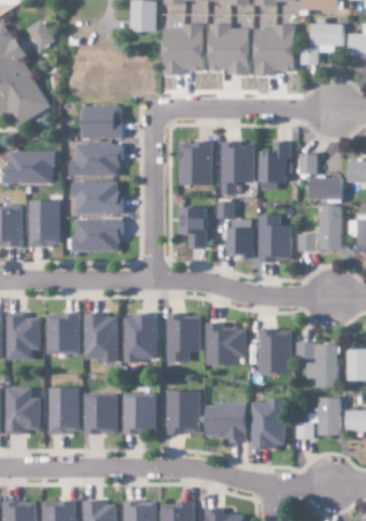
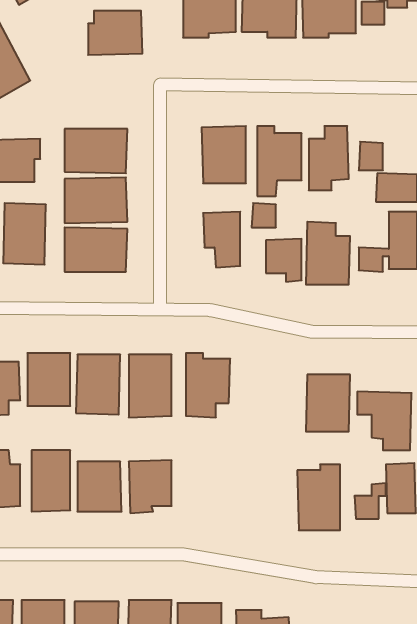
building: [81,105,122,139] -> [88,11,142,55]
building: [206,322,247,364] -> none
building: [167,390,200,433] -> none
building: [207,402,248,442] -> none

